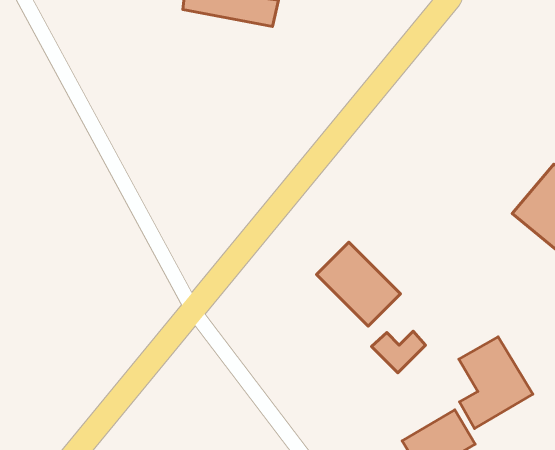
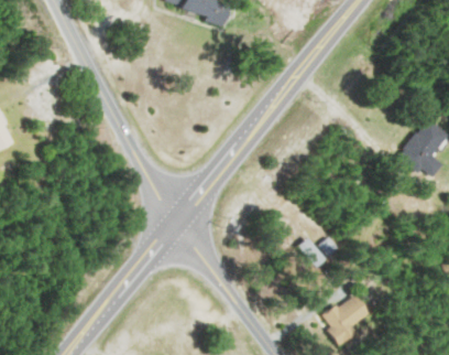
building: [316,242,400,326] -> none
building: [459,337,533,428] -> none

